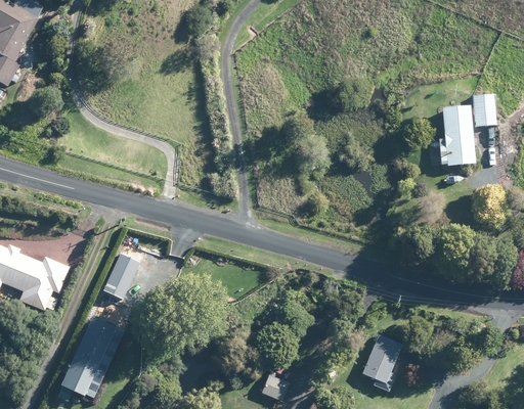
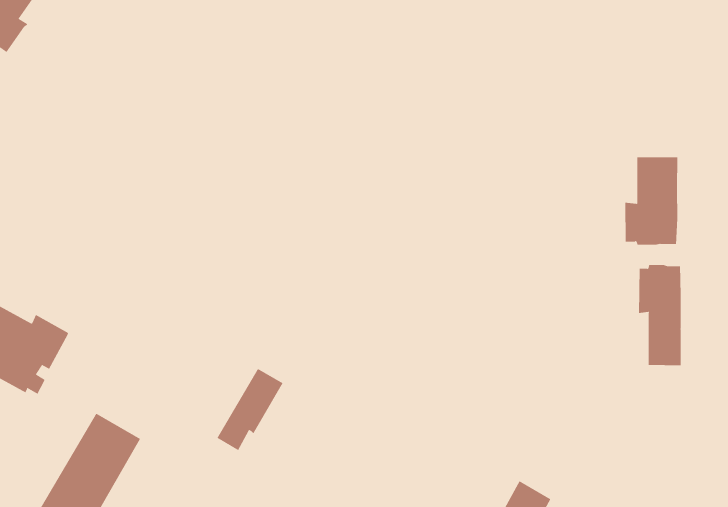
building: [466,96,490,128] -> none
building: none -> [639,264,681,366]
building: [96,257,137,313] -> [217,368,284,451]

